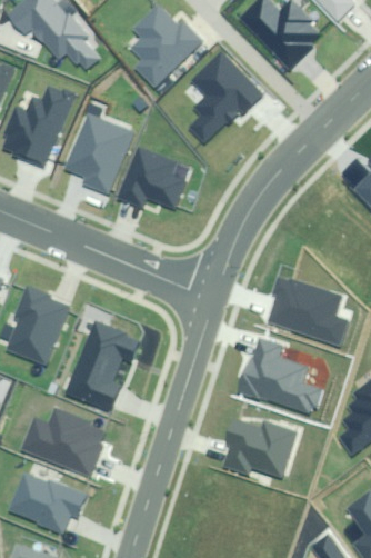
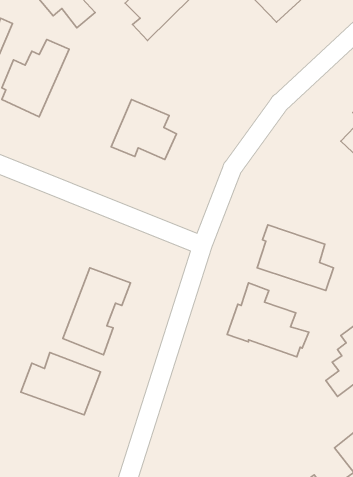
building: [191,51,262,143] -> none
building: [67,113,134,192] -> none
building: [10,286,69,365] -> none
building: [225,419,299,477] -> none
building: [13,472,84,532] -> none

